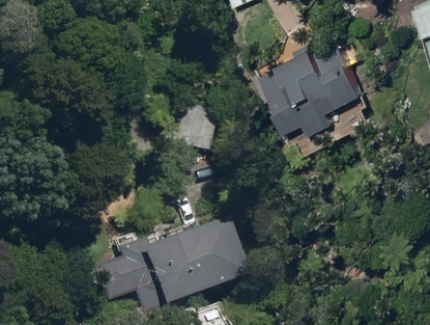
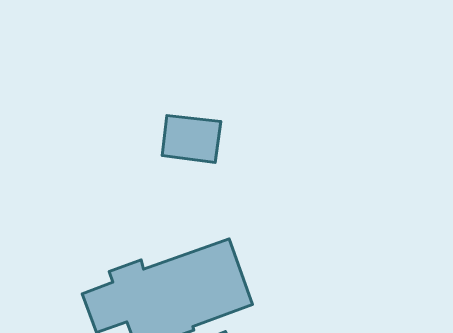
building: [256,36,366,133] -> none

